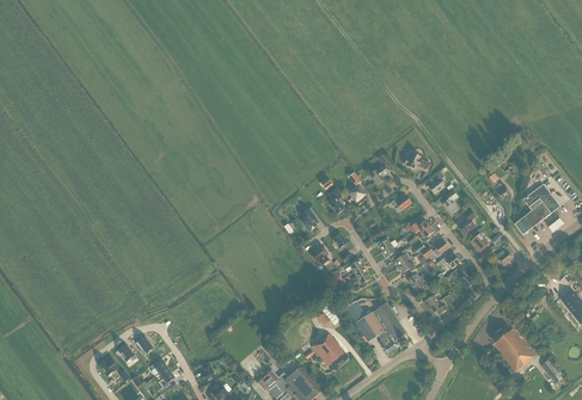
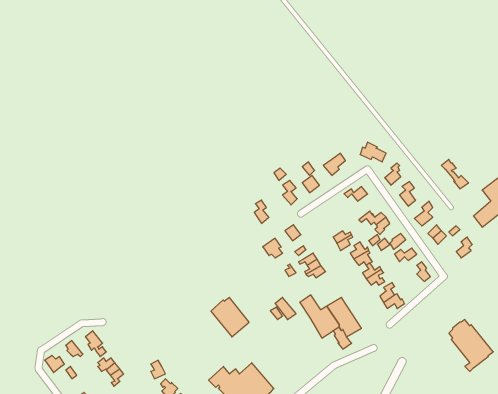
building: [311,333,348,371] -> [211,297,249,337]

